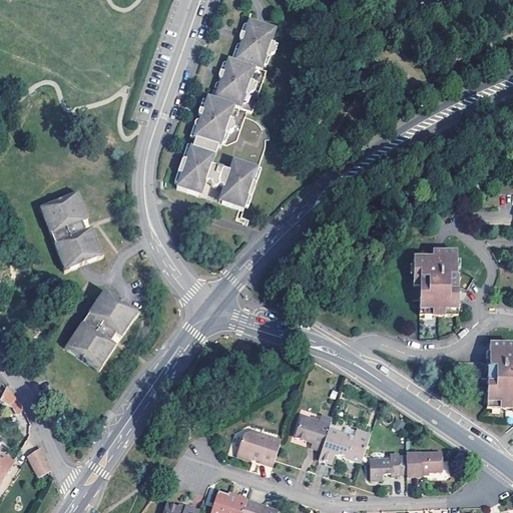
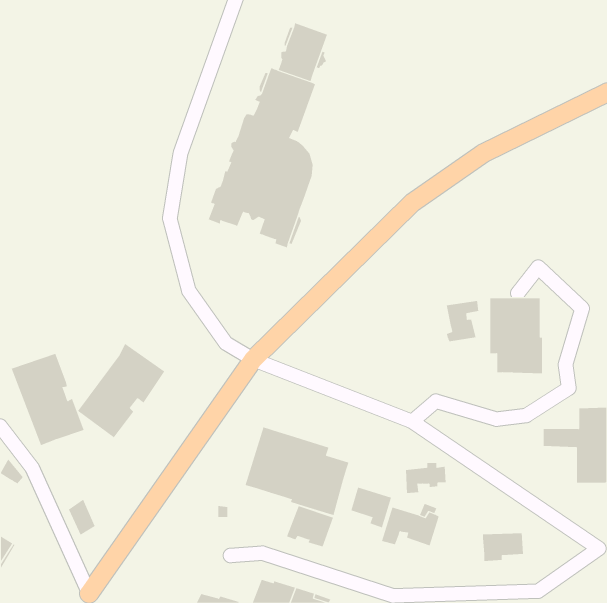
building: [38,192,100,271] -> [11,353,84,446]
building: none -> [446,300,479,342]
building: none -> [245,427,349,516]
building: [27,447,50,478] -> [68,499,96,536]
building: [373,451,408,477] -> [405,463,447,494]

